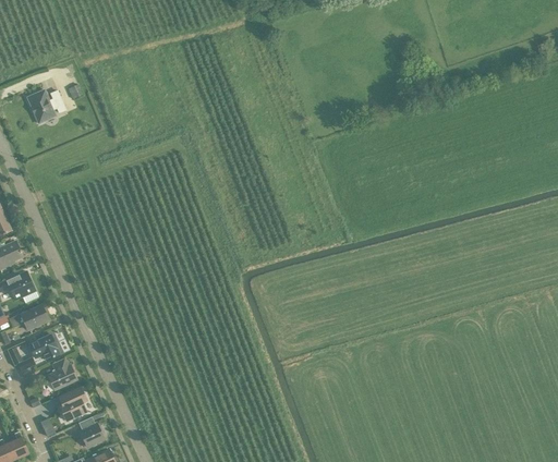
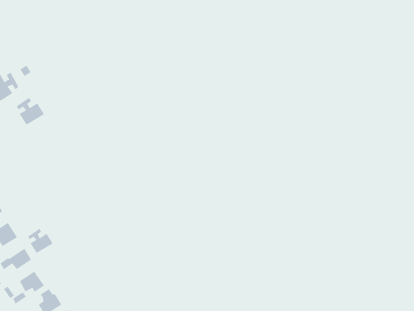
building: none -> [16,97,45,126]
building: none -> [27,228,53,254]

